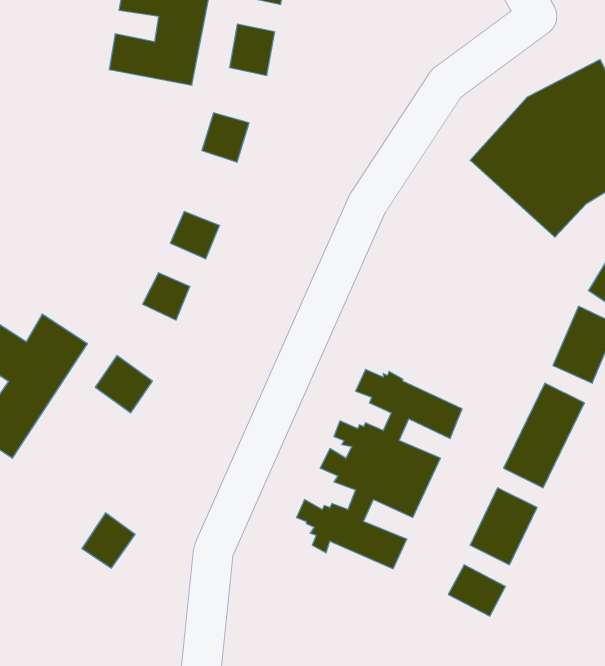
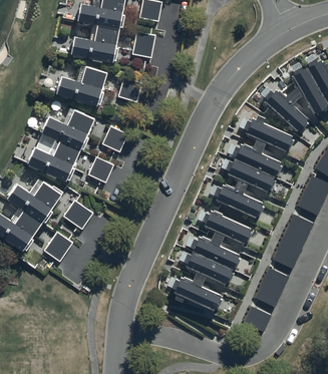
building: none -> [54,66,107,108]
building: none -> [29,110,93,182]
building: none -> [208,113,294,218]
building: [82,513,135,568] -> [45,233,72,261]

